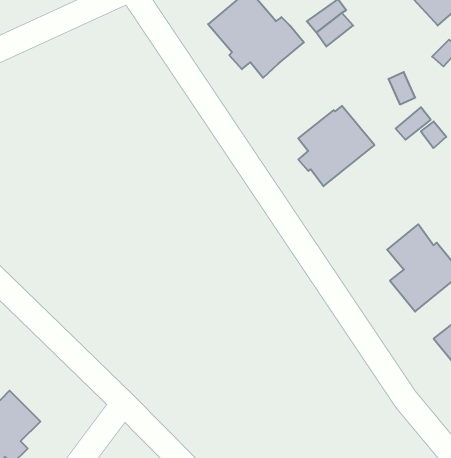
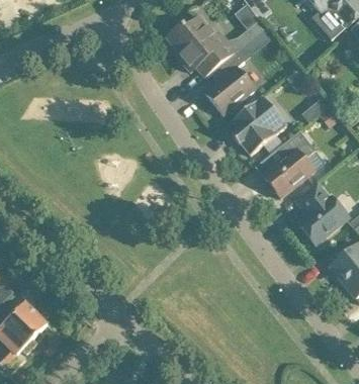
building: none -> [205,52,254,114]
building: none -> [263,130,316,197]

